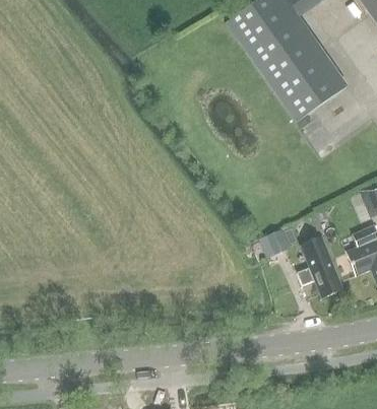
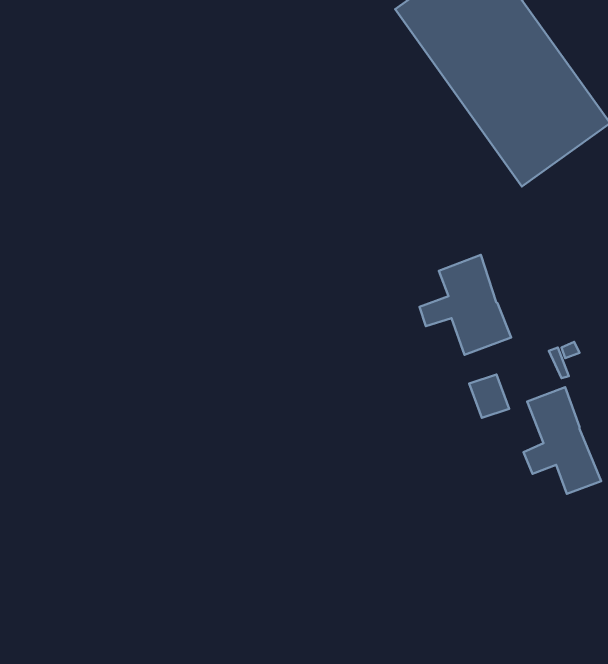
building: none -> [420,255,511,355]

